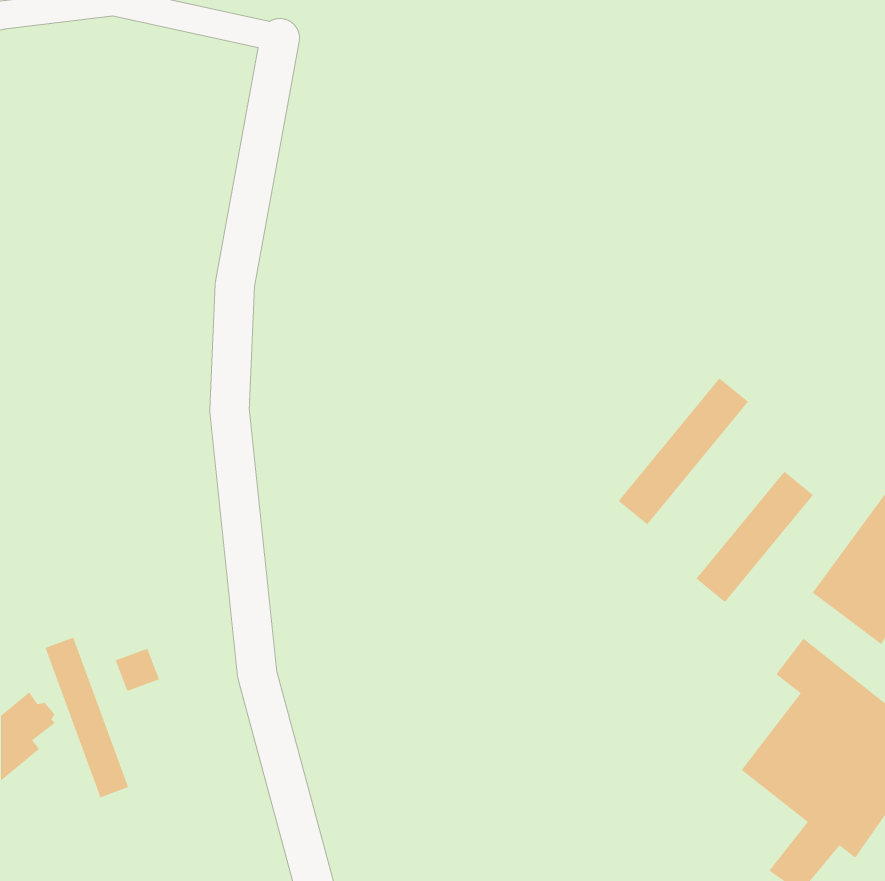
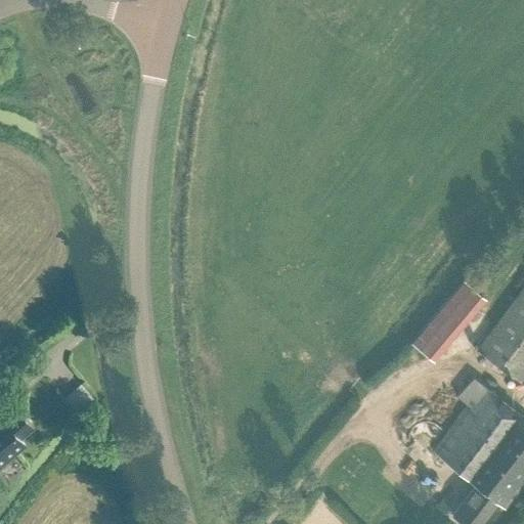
building: [618,378,749,525] -> none
building: [45,637,129,798] -> none

